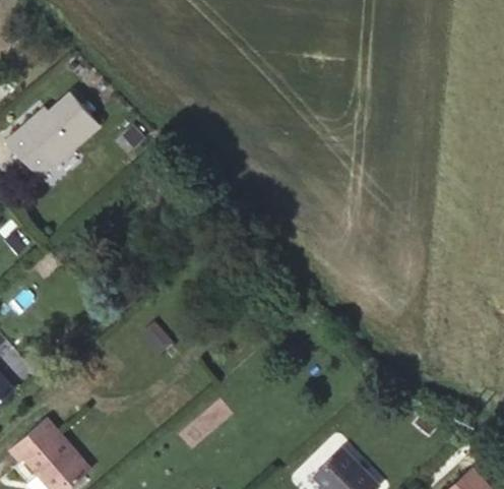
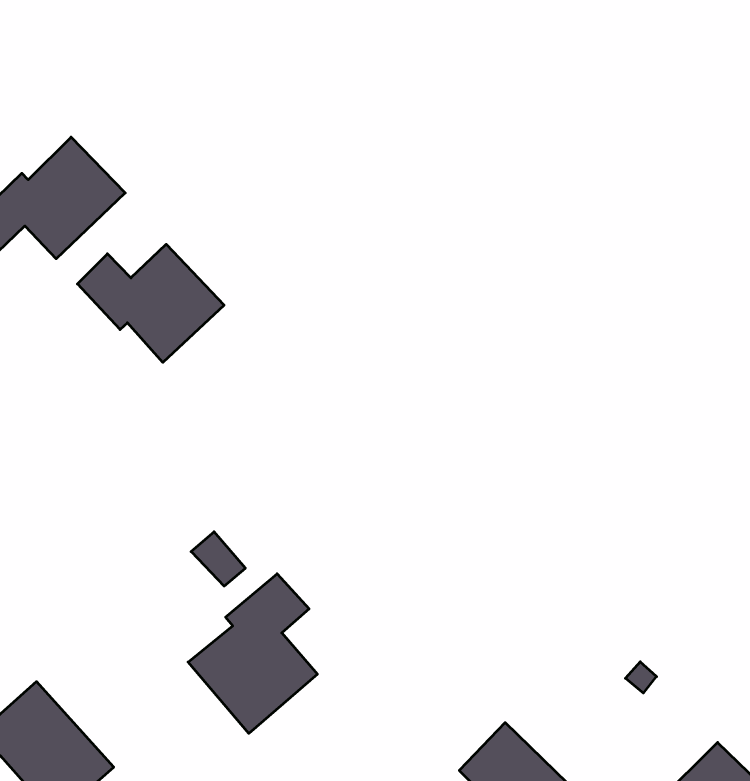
building: none -> [77,244,224,362]
building: none -> [188,574,317,733]

